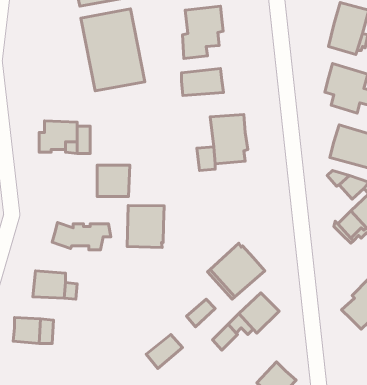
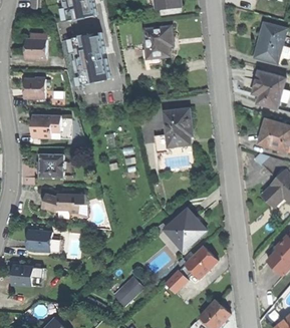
building: none -> [26,38,46,58]
building: [181,69,223,95] -> none
building: none -> [25,78,45,97]
building: [97,165,130,196] -> [39,153,64,178]
building: [127,206,164,248] -> none

